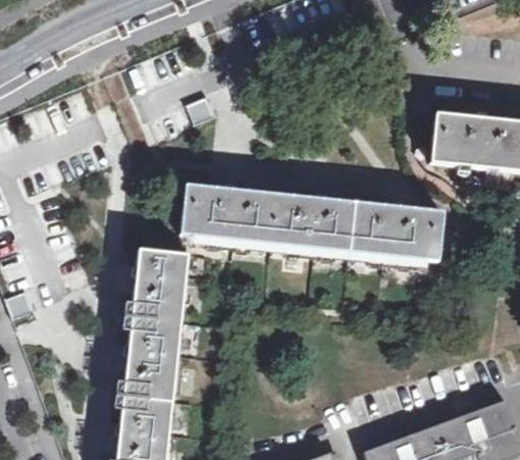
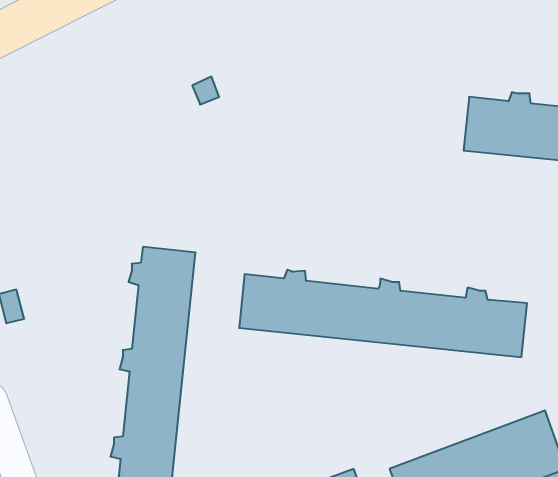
building: [181,181,444,260] -> [239,270,527,357]

